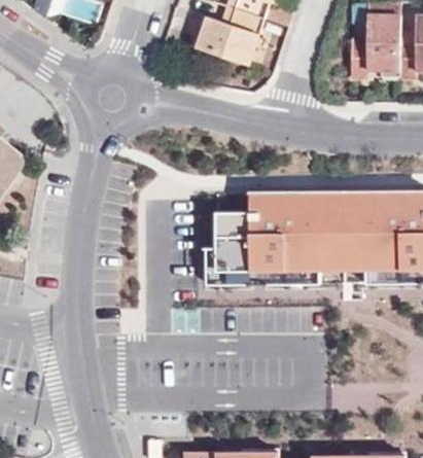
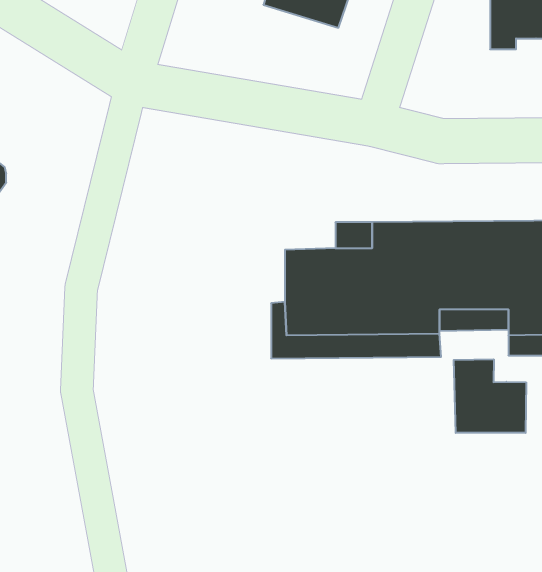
building: none -> [454,359,526,433]

